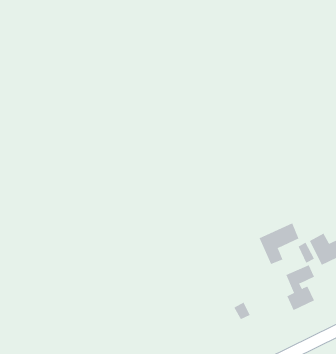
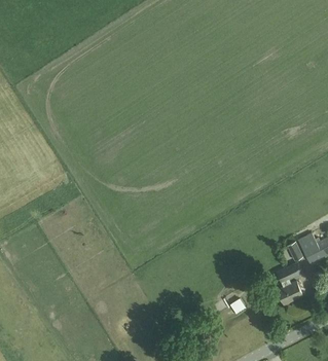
building: [259,223,299,265] -> none

